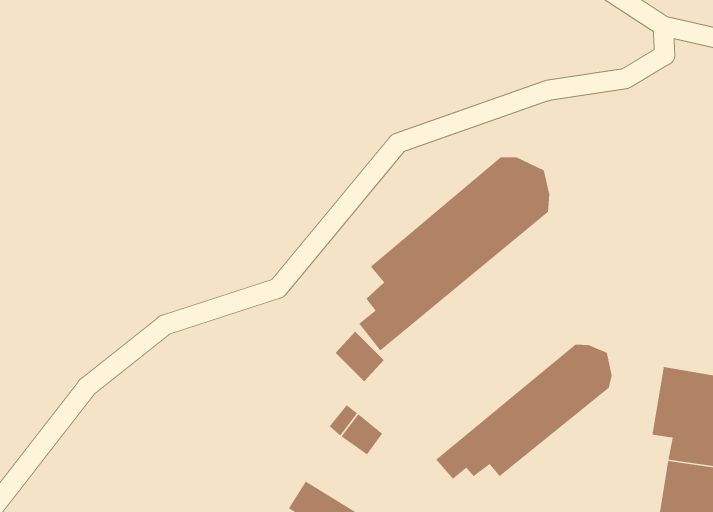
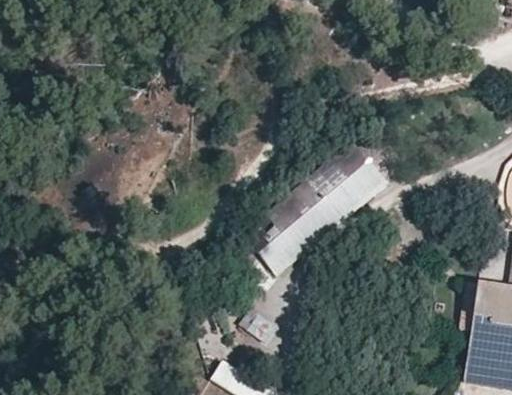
building: [435,344,613,480] -> none

